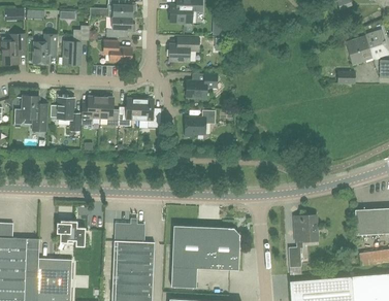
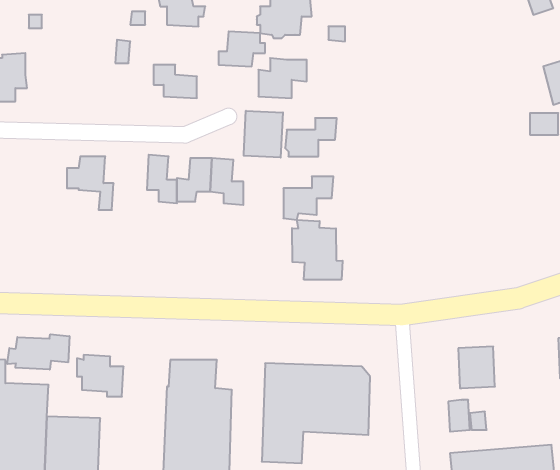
building: [106,16,135,38] -> [219,31,265,66]
building: [33,34,57,65] -> none
building: [63,41,80,65] -> none
building: none -> [244,111,283,158]
building: [14,96,47,131] -> none
building: [82,97,101,126] -> none
building: none -> [292,220,343,280]
building: none -> [7,334,69,370]

